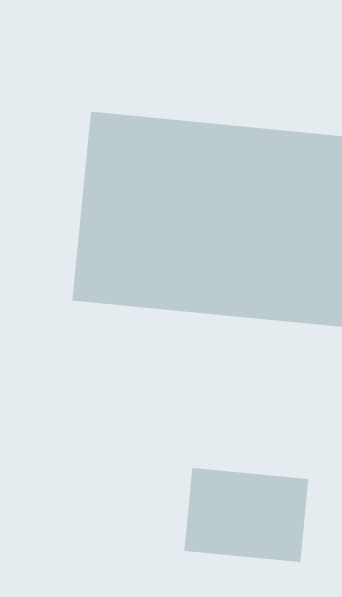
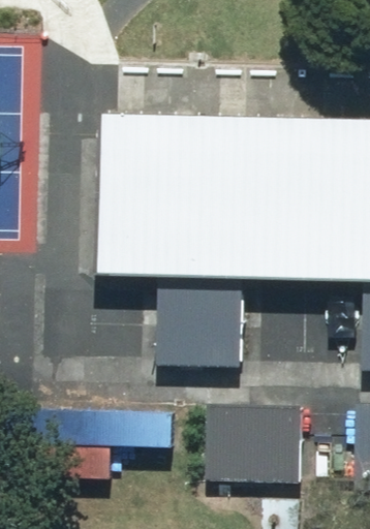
building: none -> [157,279,251,371]

